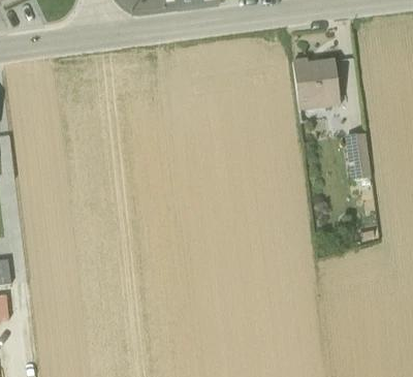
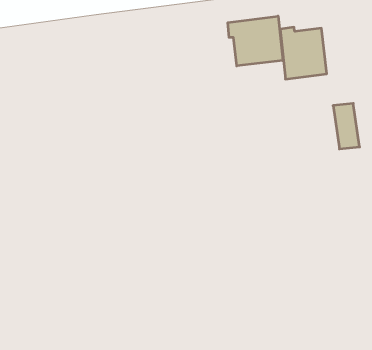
building: none -> [228,16,283,66]

